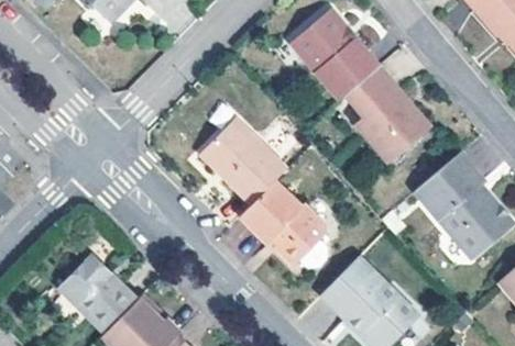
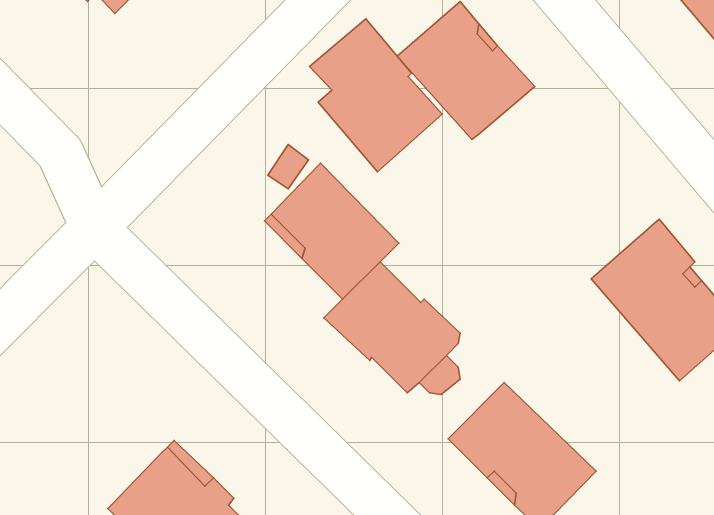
building: [341,66,427,165] -> [310,19,442,172]
building: [59,257,136,336] -> none

